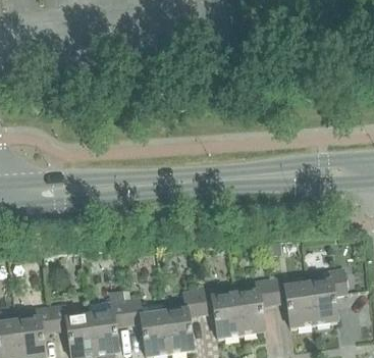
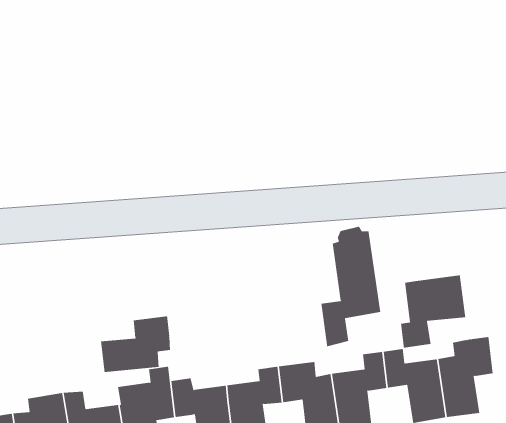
building: none -> [321,226,381,347]
building: none -> [401,275,466,348]
building: none -> [100,316,170,373]

